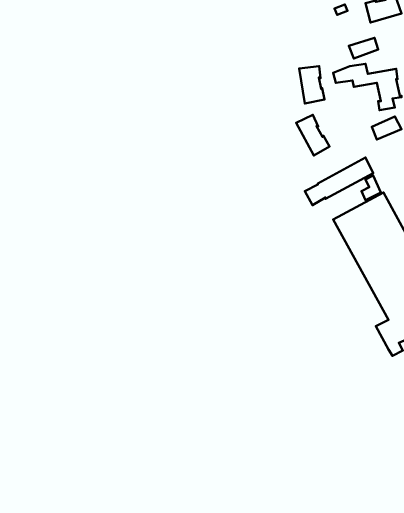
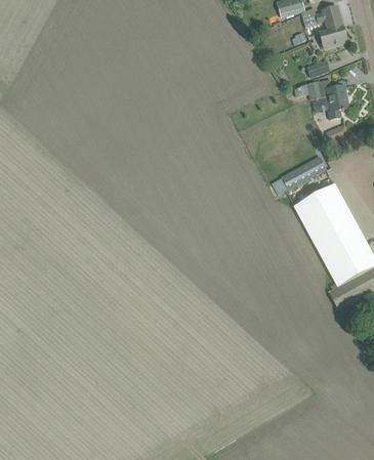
building: [299,66,325,103] -> none
building: [296,115,330,156] -> none

